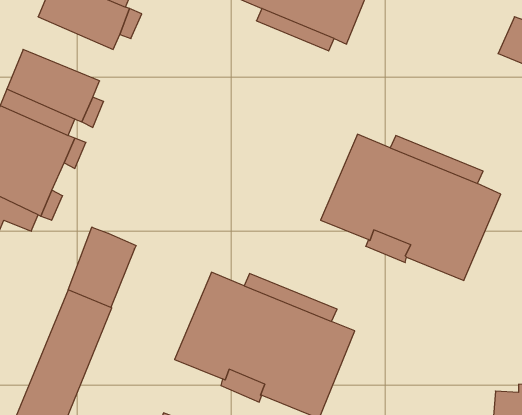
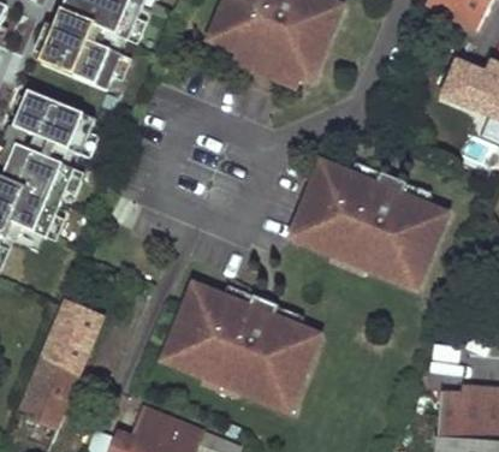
building: [68,227,136,307] -> none

